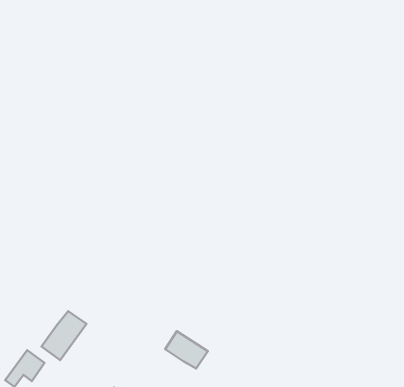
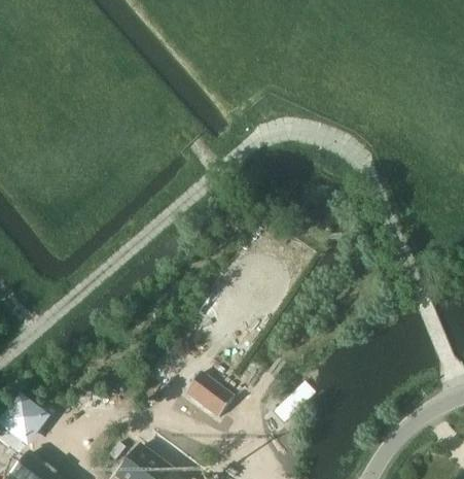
building: [41,311,87,360] -> none

